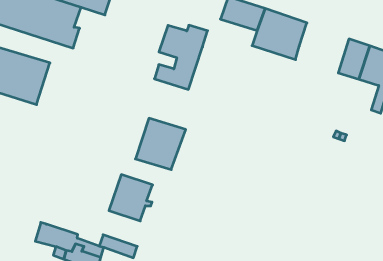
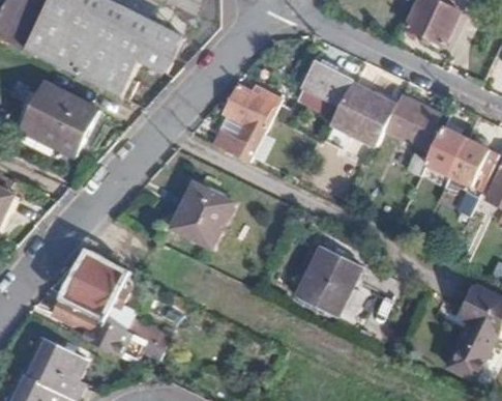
building: none -> [383,96,441,170]
building: none -> [303,252,367,321]
building: [109,175,153,221] -> [66,255,120,311]

